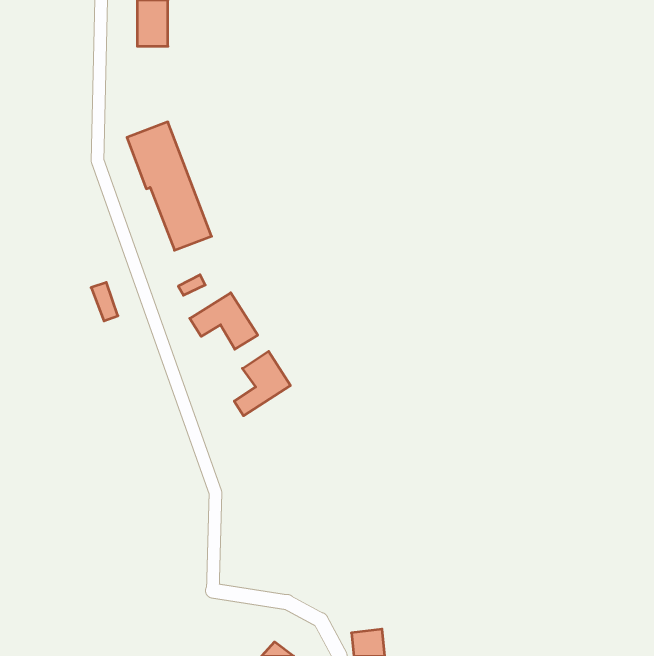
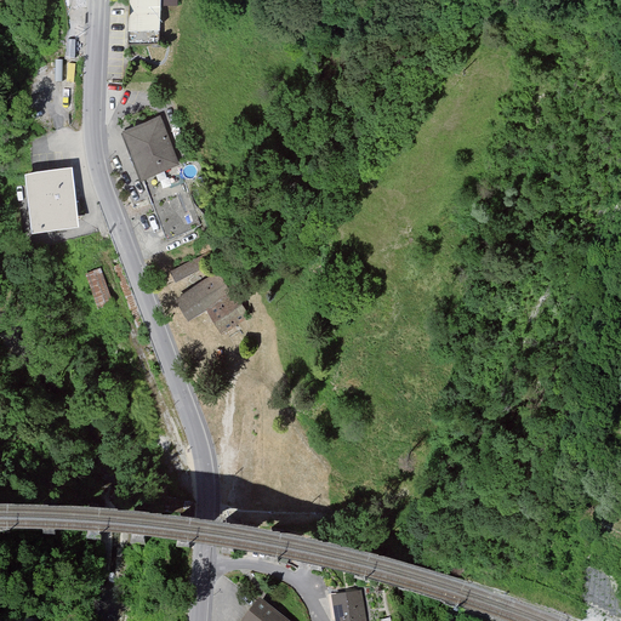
building: none -> [24,166,76,227]
building: [234,351,290,416] -> none

